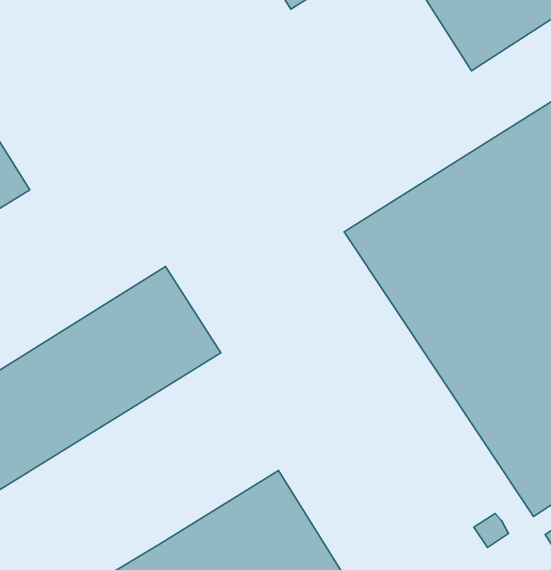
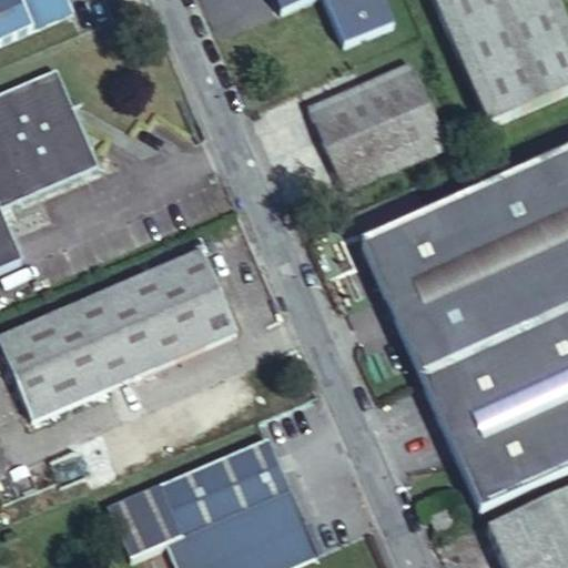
building: none -> [308,63,445,189]

